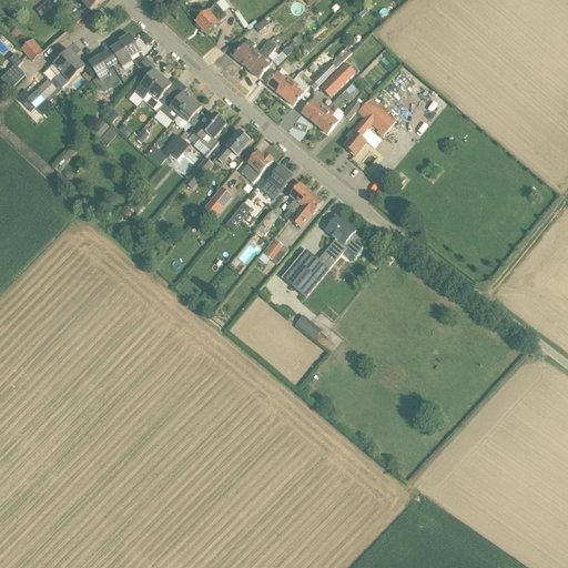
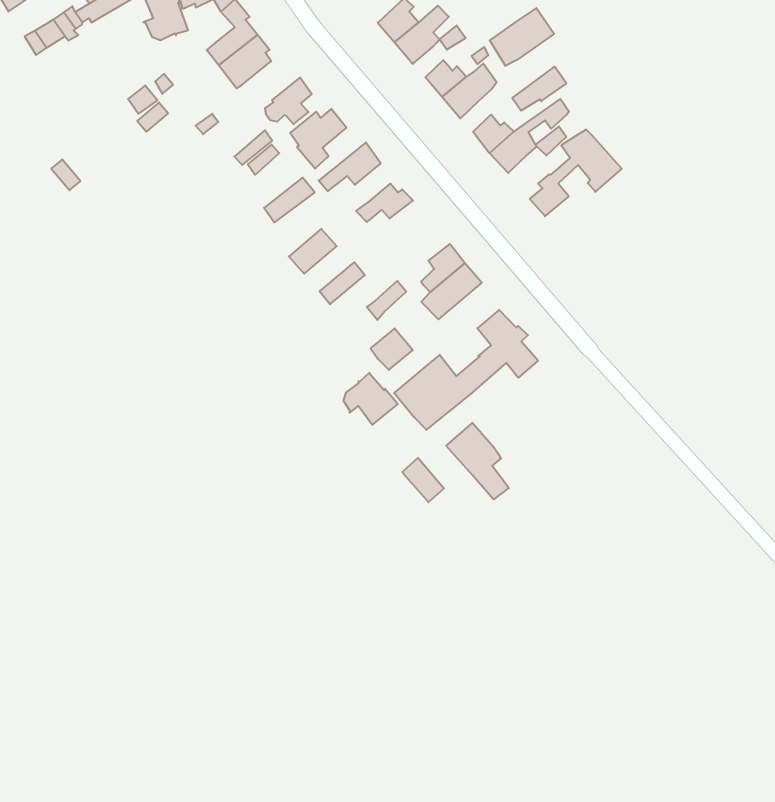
building: none -> [490,8,554,66]
building: [158,90,192,120] -> none
building: [261,165,292,197] -> none
building: none -> [344,373,398,425]
building: none -> [446,423,509,499]

